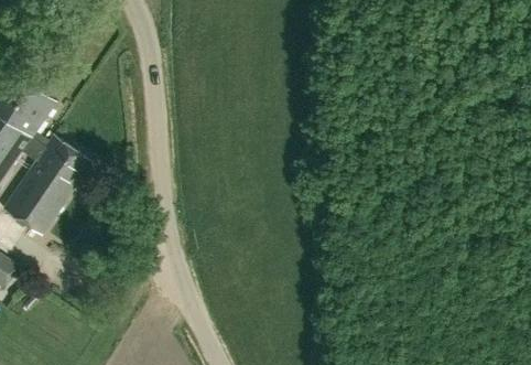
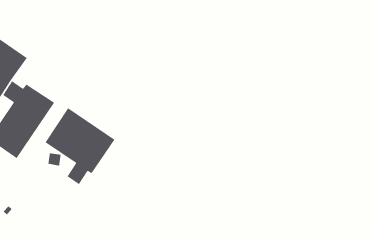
building: none -> [44,107,116,185]

